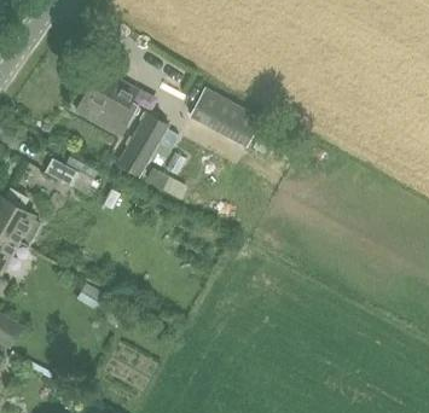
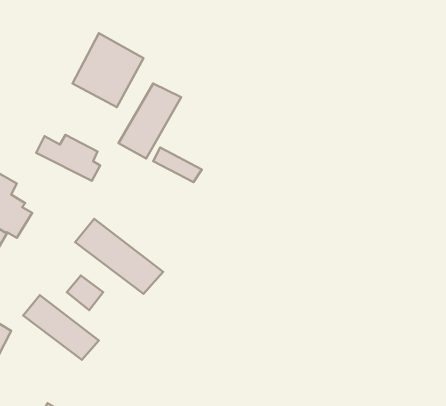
building: [191,92,261,150] -> none
building: none -> [75,219,163,294]
building: none -> [23,295,99,360]

